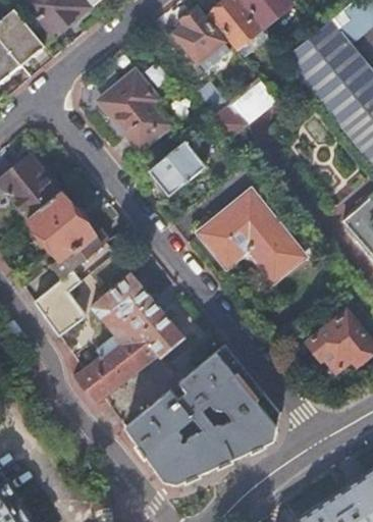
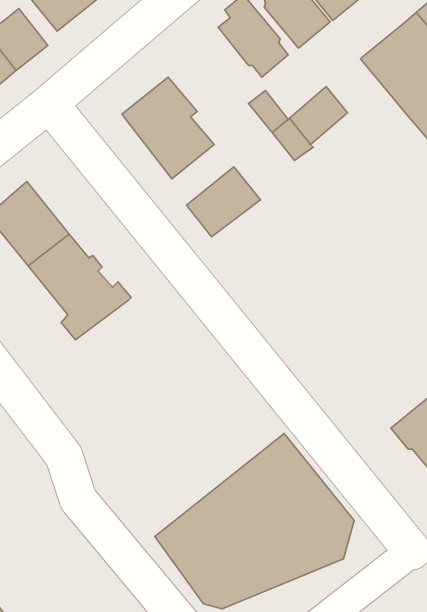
building: [202,190,308,282] -> none
building: [34,244,113,333] -> none
building: [76,274,181,401] -> none

